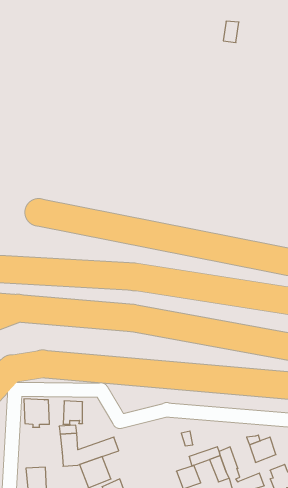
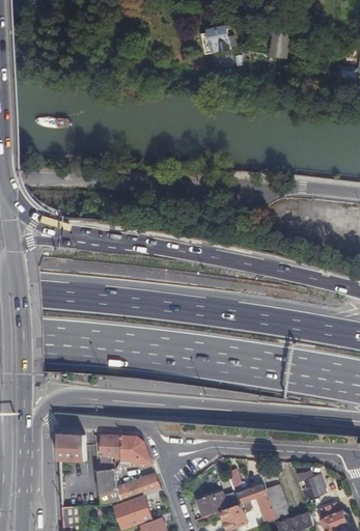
building: none -> [200,27,229,52]
building: none -> [120,436,150,463]
building: none -> [197,492,237,515]

